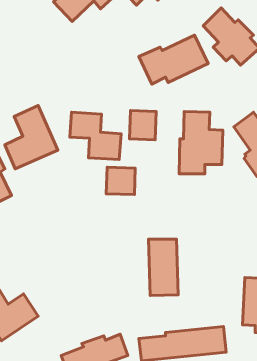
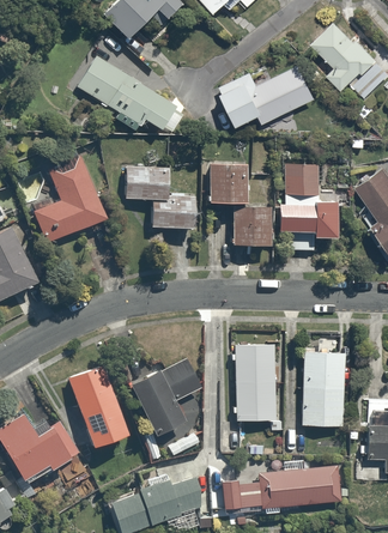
building: none -> [77,55,178,129]
building: [106,167,135,195] -> [232,207,273,246]
building: none -> [299,350,346,426]
building: none -> [132,357,205,437]
building: none -> [68,368,129,449]

